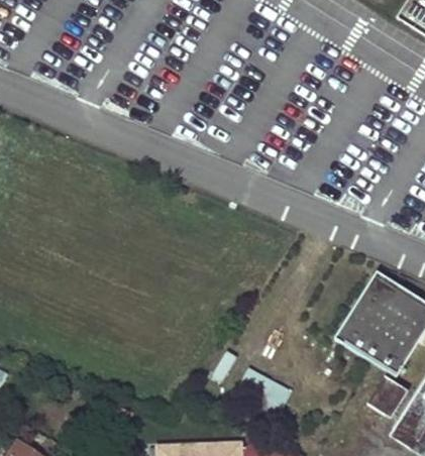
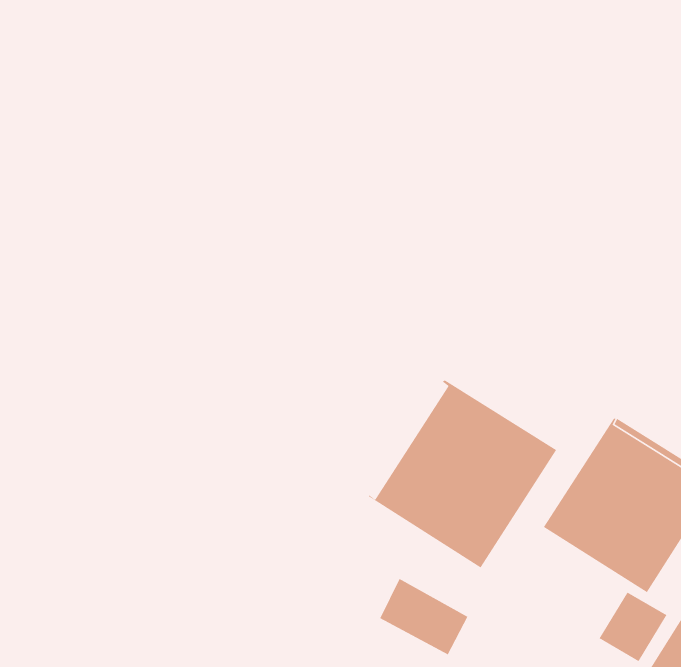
building: none -> [368,380,557,568]

